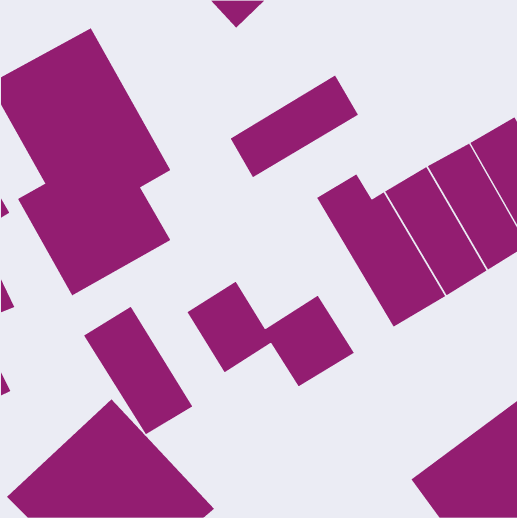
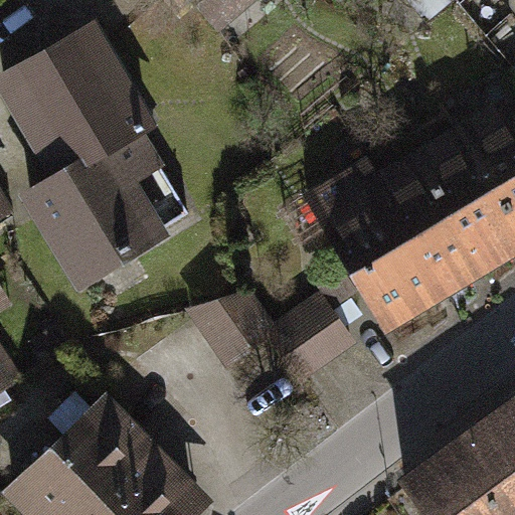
building: [230,75,359,178] -> none
building: [83,306,193,435] -> none

